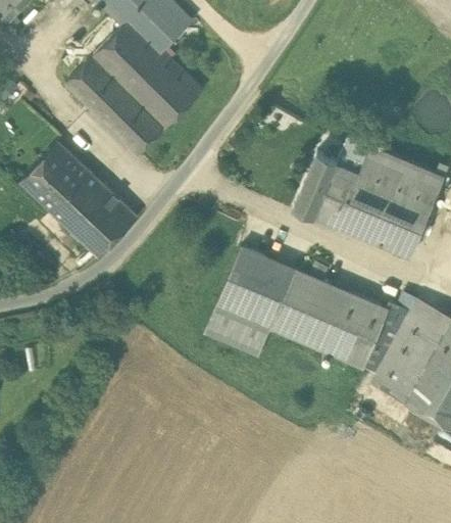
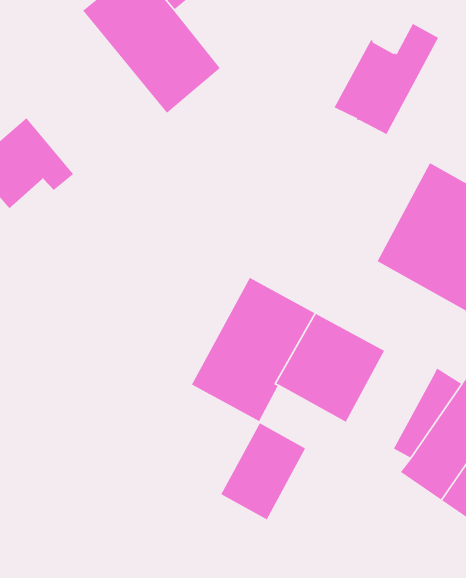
building: [66,55,165,154] -> none
building: [294,137,369,225] -> [333,23,439,135]
building: [52,181,138,257] -> none
building: [325,292,388,367] -> [220,422,306,521]

